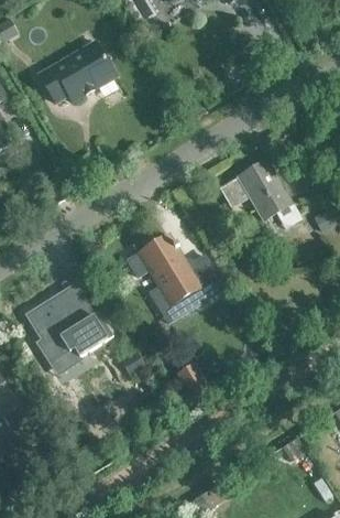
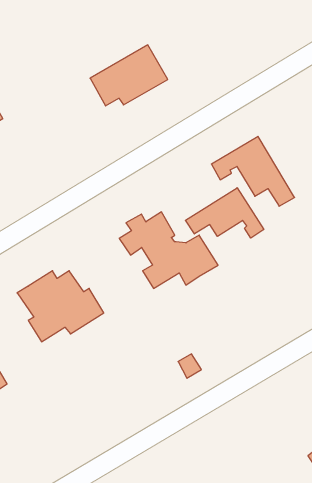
building: [39,40,116,100] -> [90,45,168,106]
building: none -> [185,188,264,238]

